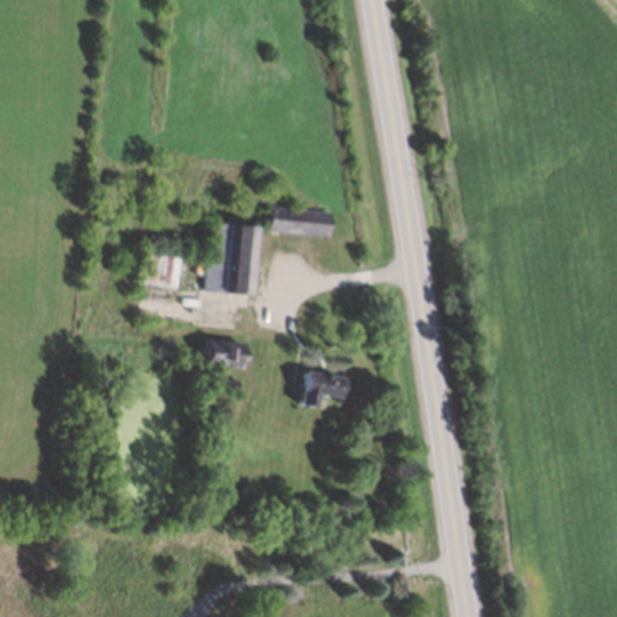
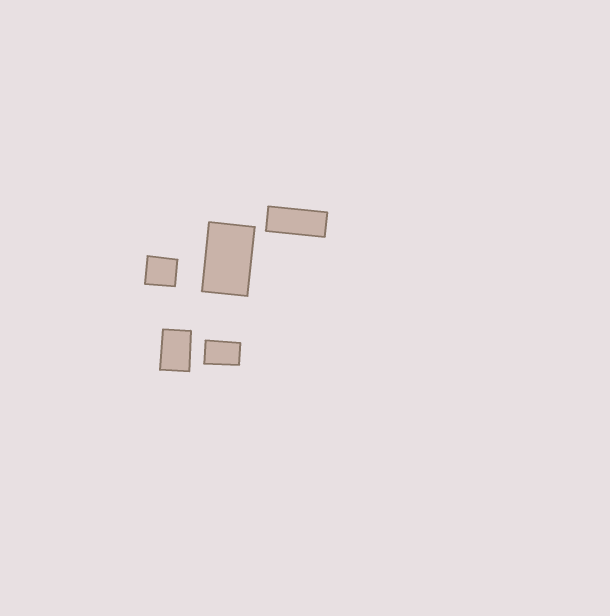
building: none -> [160,329,191,371]
building: [302,372,351,407] -> none

